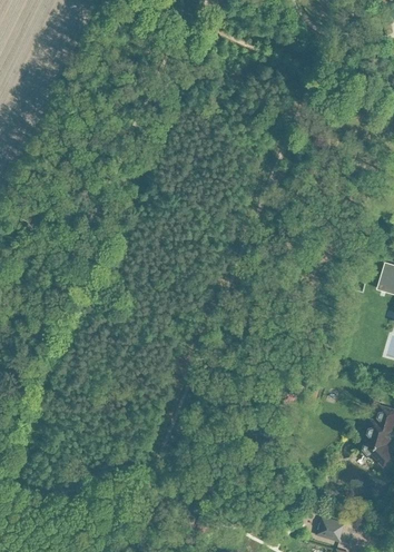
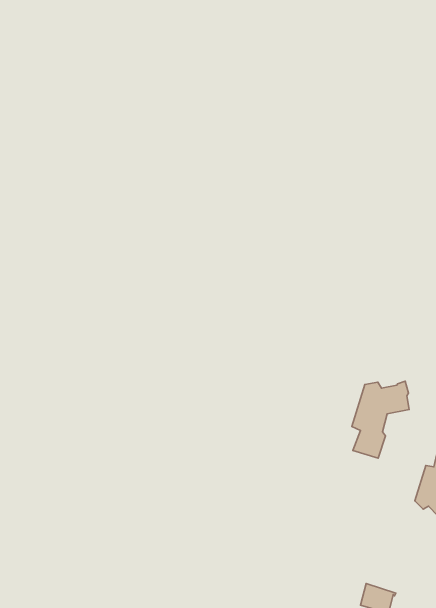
building: none -> [352,381,409,458]

